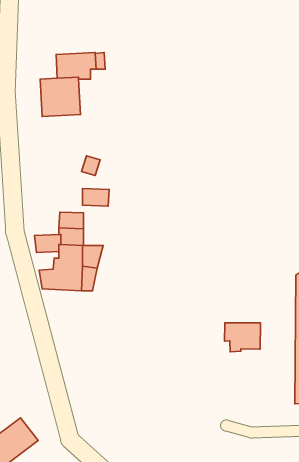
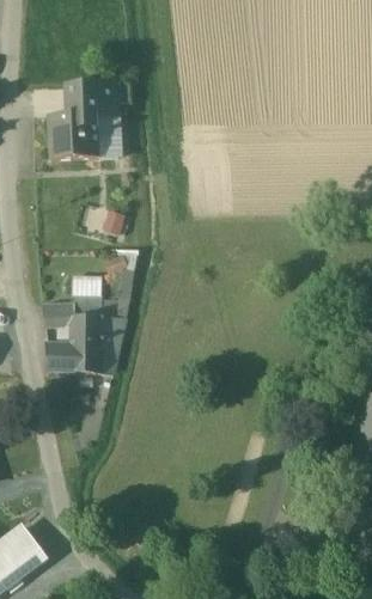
building: none -> [97,112,120,157]
building: [224,323,260,352] -> none

